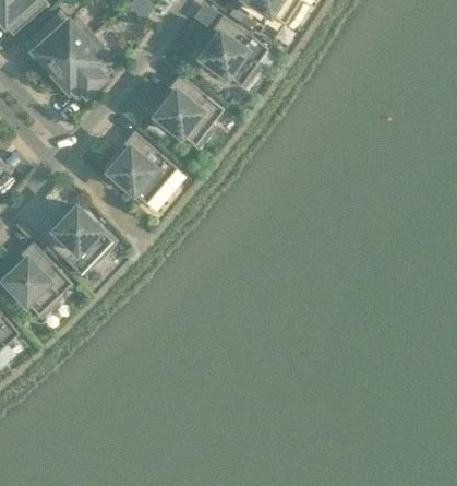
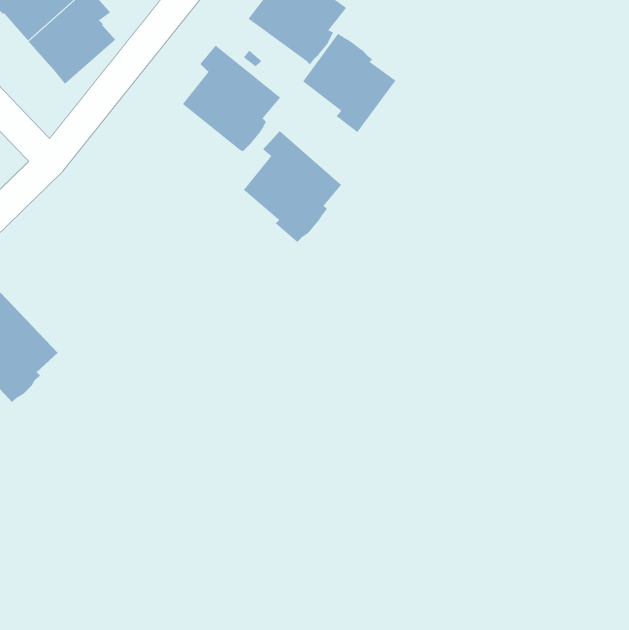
building: none -> [302,33,396,133]
building: [106,130,173,206] -> [243,130,342,243]
building: [36,206,112,274] -> none

